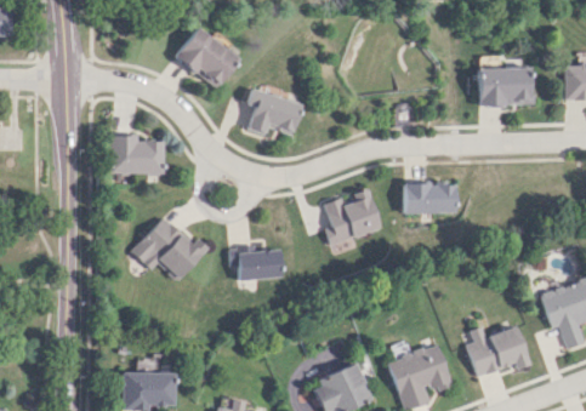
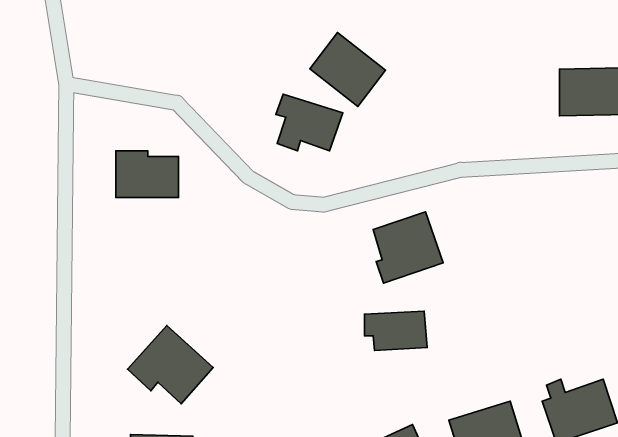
building: [175,27,238,89] -> [310,32,385,107]
building: [406,183,460,213] -> none
building: [132,216,204,281] -> [127,325,213,404]
building: [232,247,284,280] -> [364,311,427,351]

